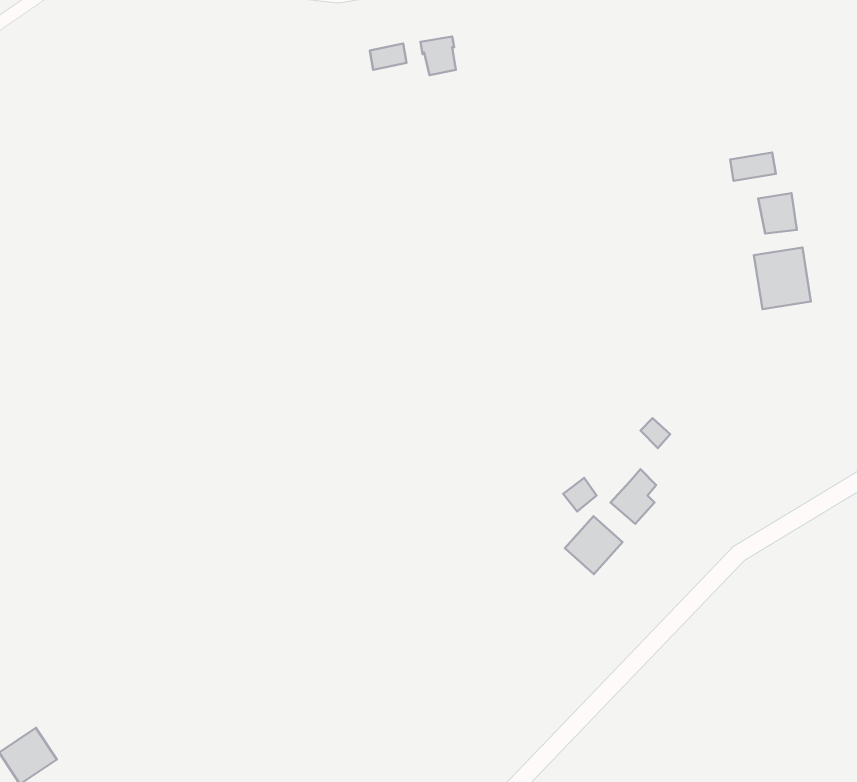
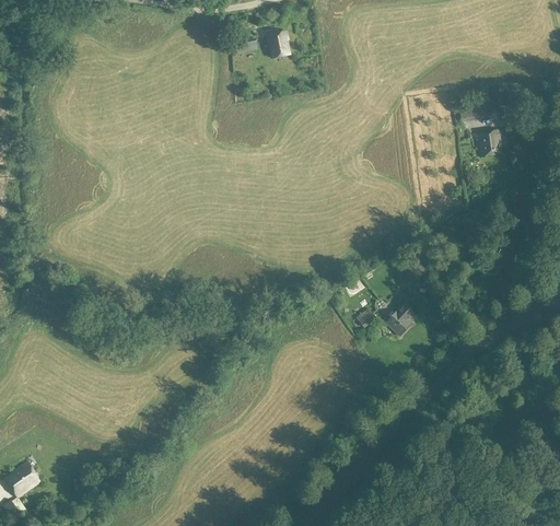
building: [754,247,811,309] -> none
building: [565,516,622,574] -> none

